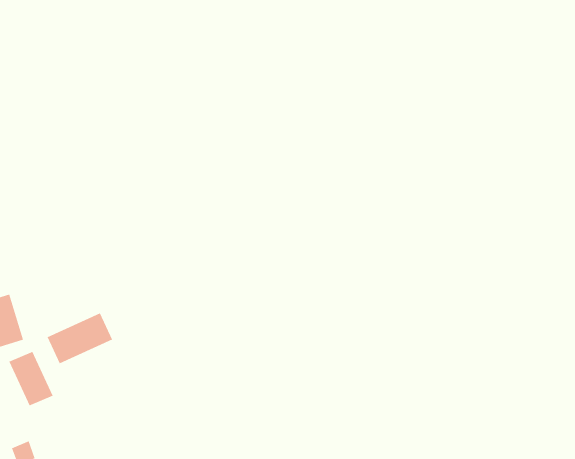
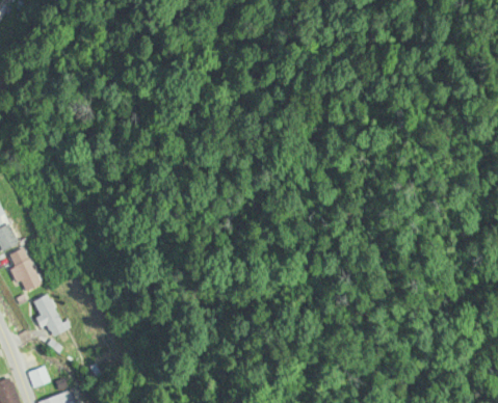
building: [47,312,113,364] -> none

